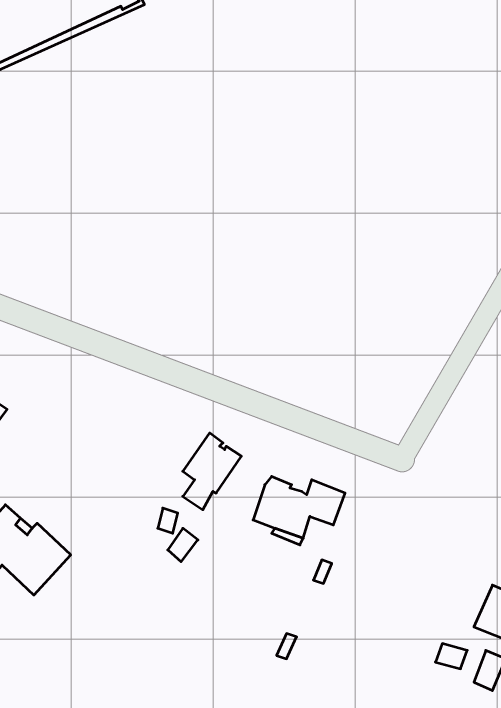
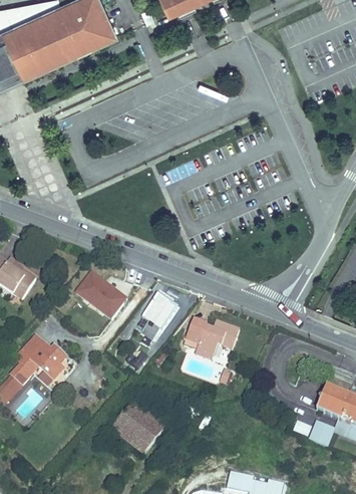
building: none -> [75,269,127,318]
building: none -> [112,401,165,453]

